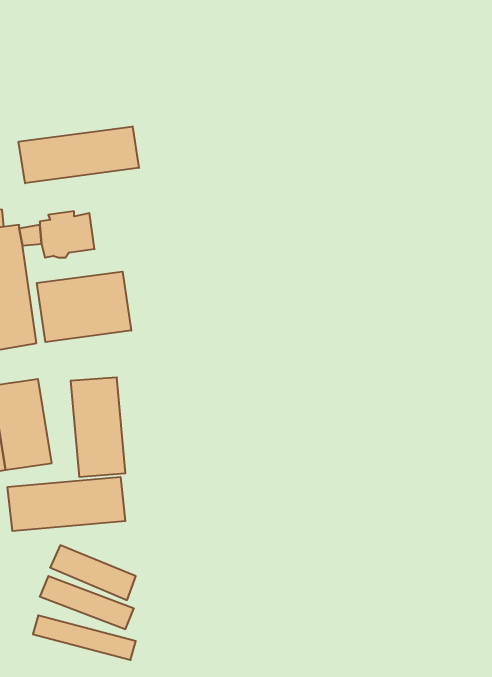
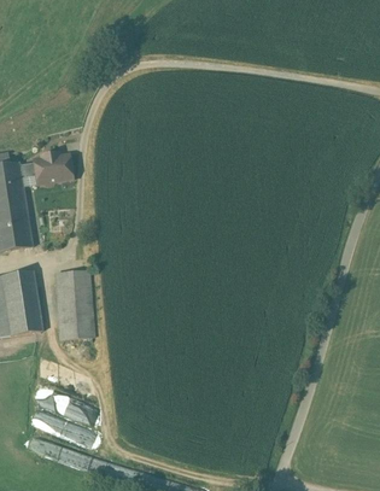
building: [19,126,139,183] -> none
building: [37,272,131,342] -> none
building: [8,477,125,531] -> none

